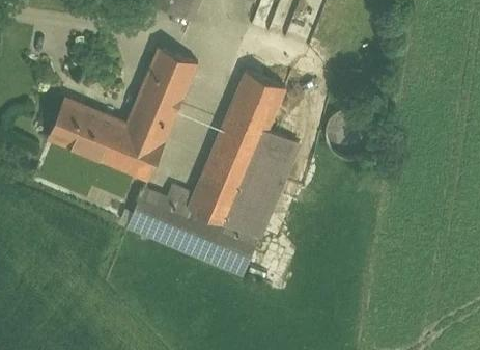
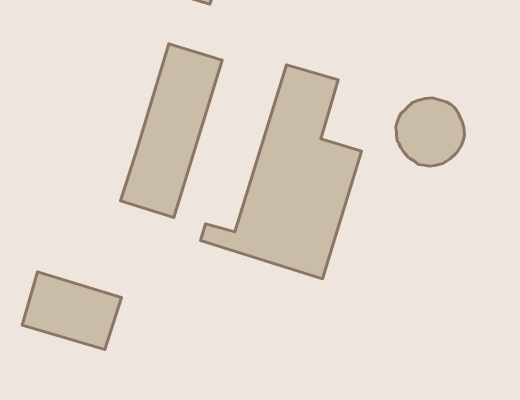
building: [49,99,126,163] -> [22,272,121,350]
building: [128,190,258,275] -> none

